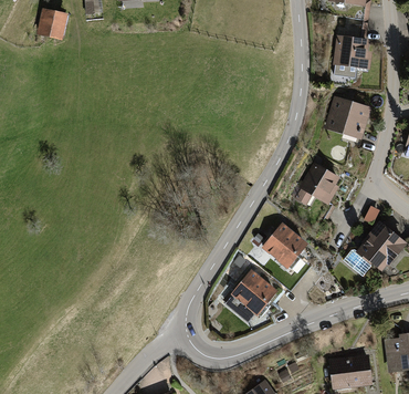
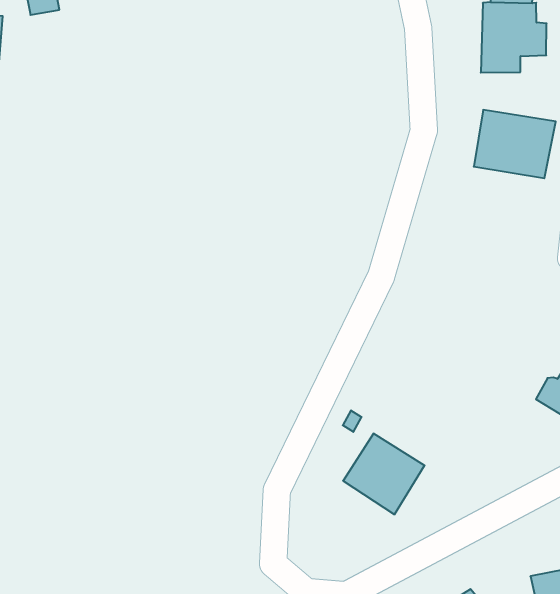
building: [294,160,339,205] -> none
building: [261,222,307,268] -> none

